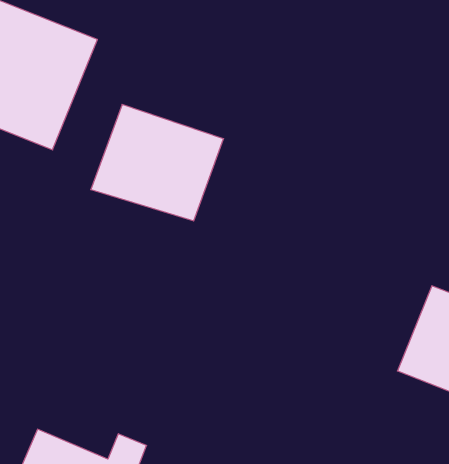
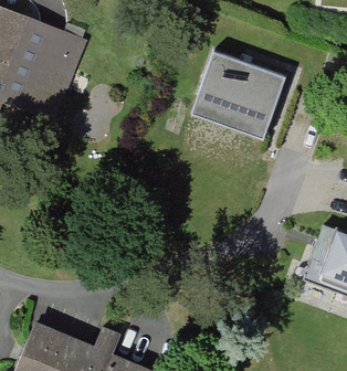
building: [91,104,224,221] -> [193,50,292,136]

